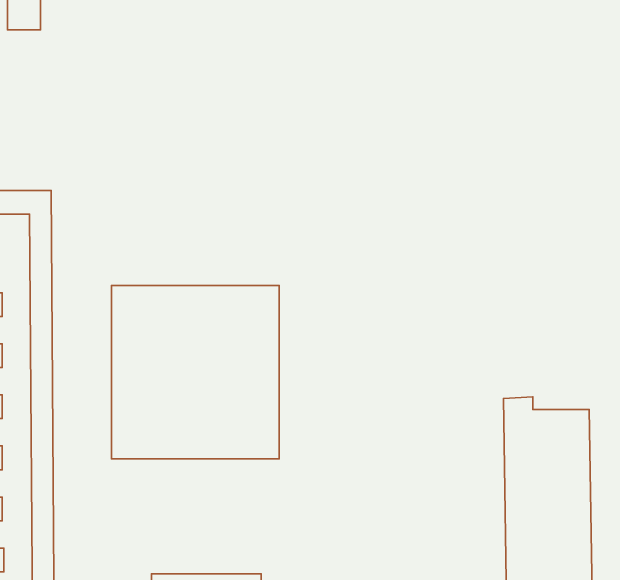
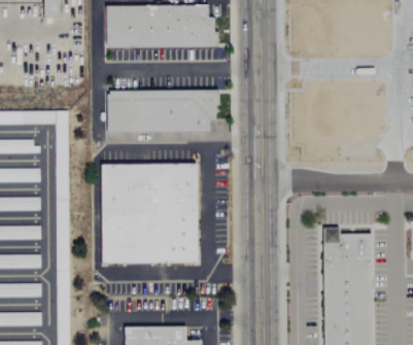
building: none -> [105,7,217,50]
building: none -> [107,90,218,133]

